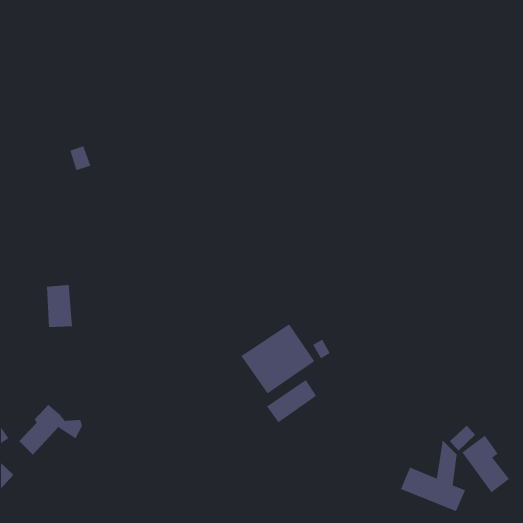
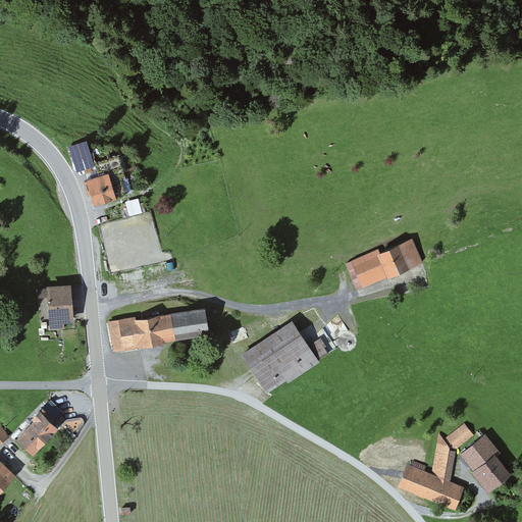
building: none -> [87,177,115,209]
building: none -> [348,240,419,286]
building: none -> [108,306,211,351]
building: [266,379,317,423] -> none

